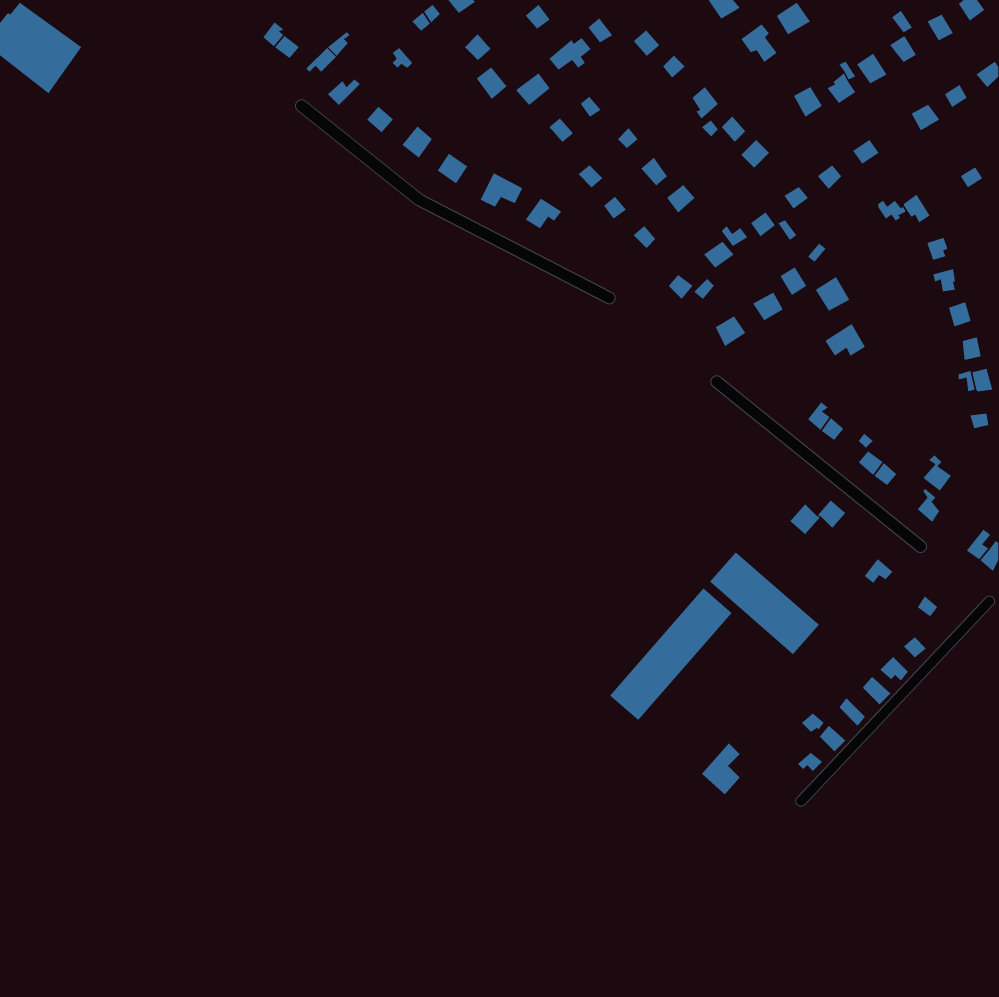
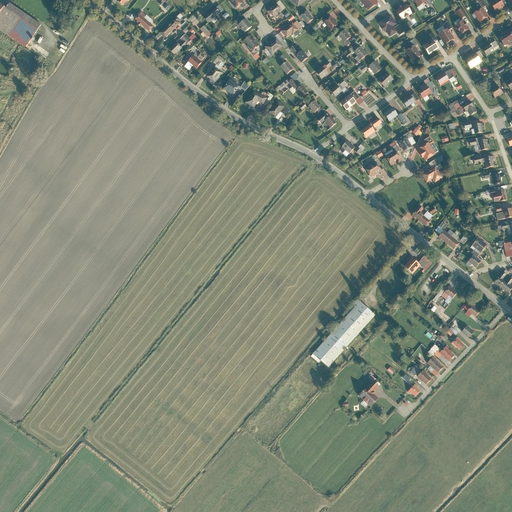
building: [709,551,820,655] -> none

